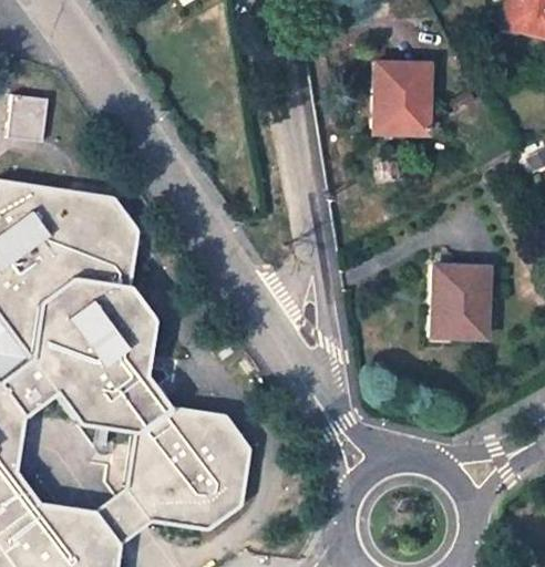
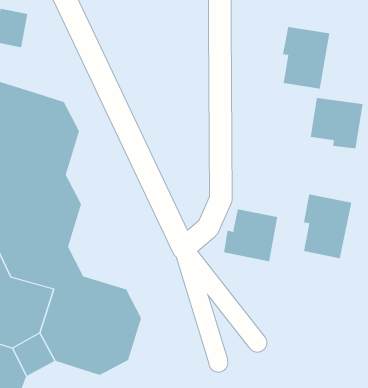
building: none -> [310,97,363,149]
building: none -> [224,208,278,262]

